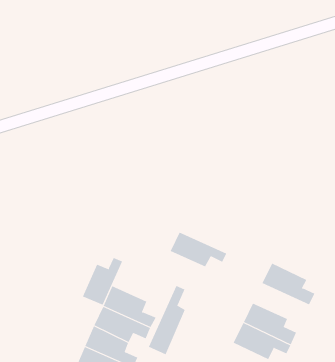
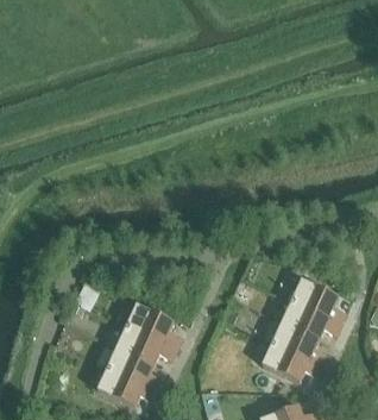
building: [170,232,227,267] -> [282,300,341,337]
building: [82,257,123,306] -> none
building: [148,285,185,355] -> none

